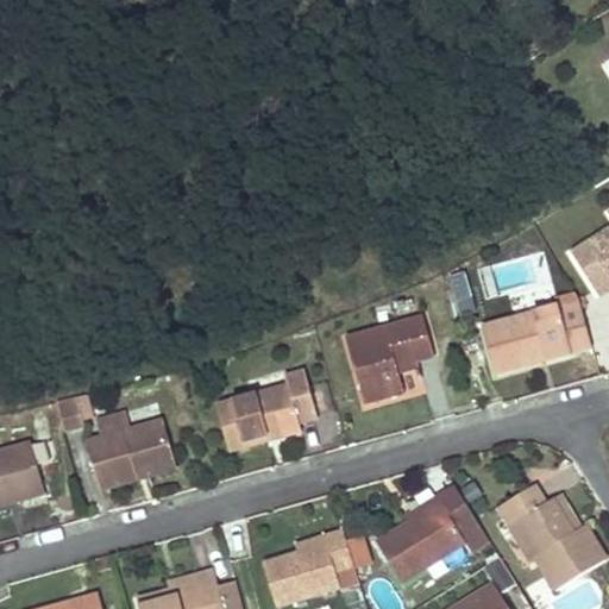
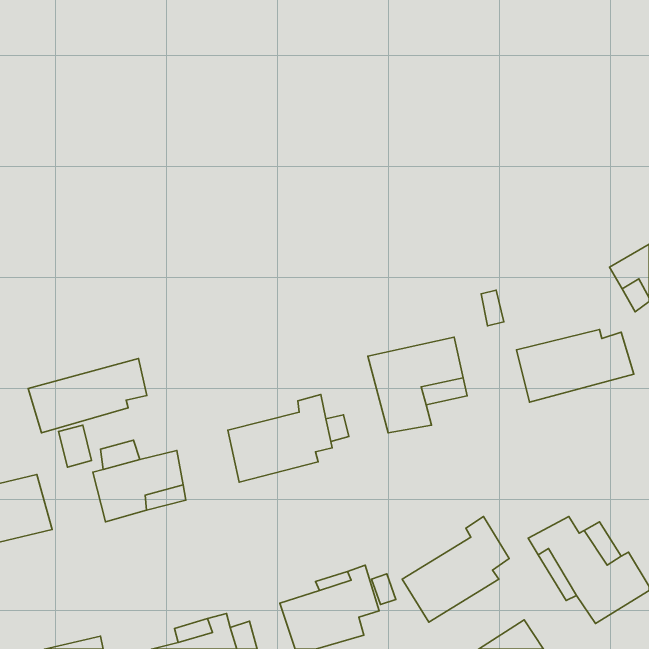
building: none -> [28,359,147,433]

